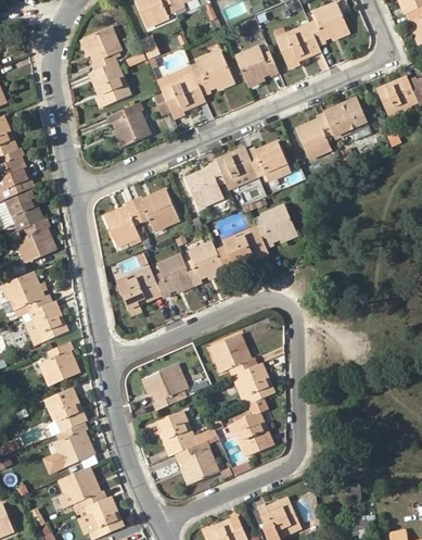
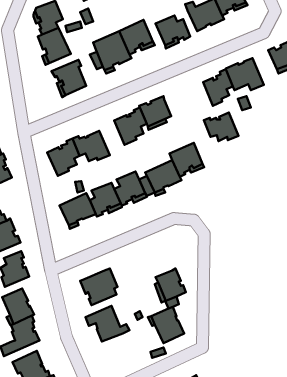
building: [247,141,291,177] -> [204,112,238,141]
building: [209,332,257,374] -> none
building: [175,440,217,485] -> none

